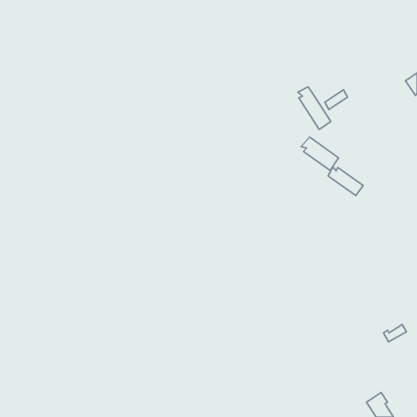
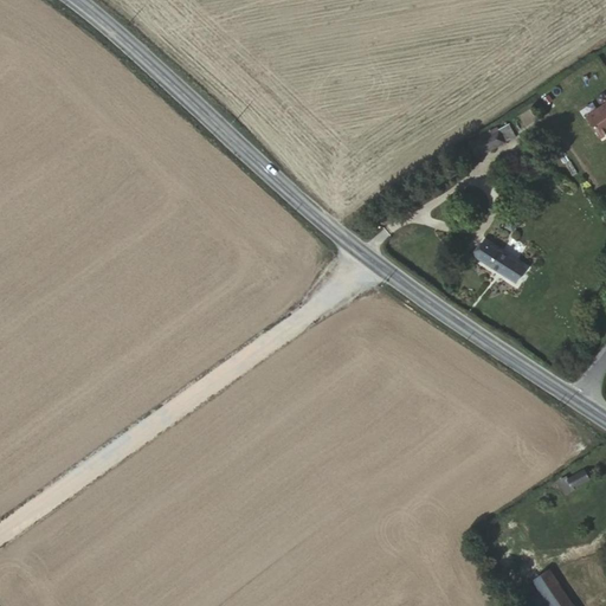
building: [298,87,331,130] -> none
building: [301,137,339,170] -> none

